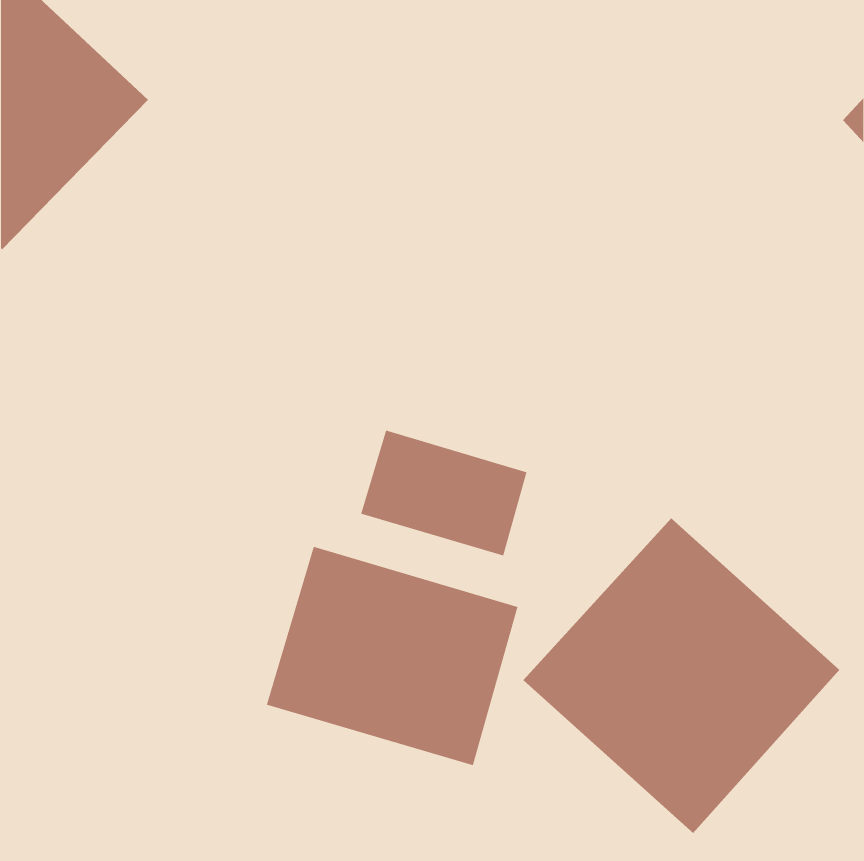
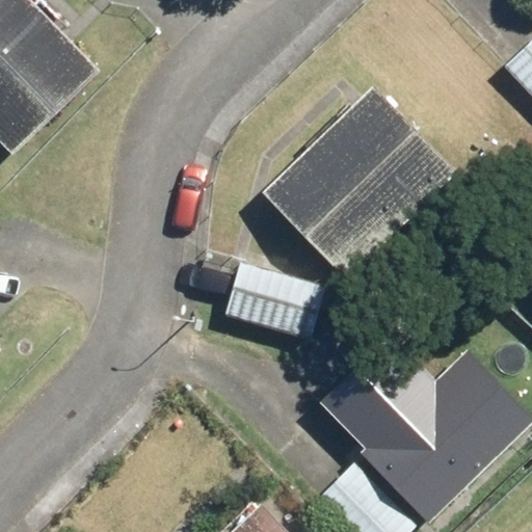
building: none -> [270,97,447,270]
building: [266,546,518,766] -> none

